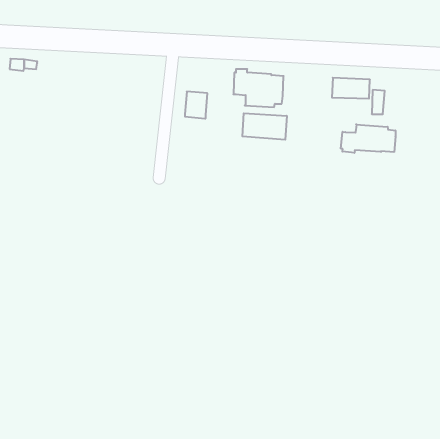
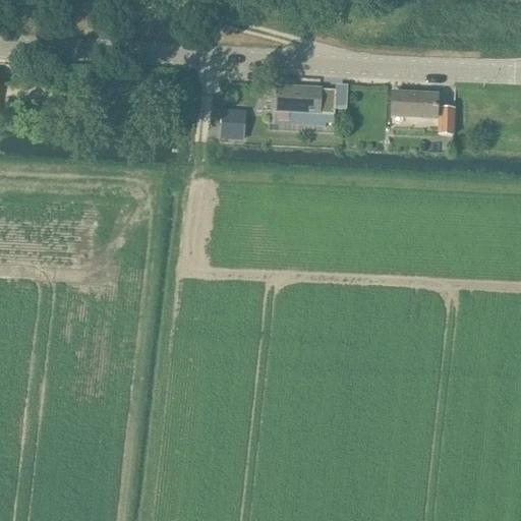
building: [242,113,287,140] -> none
building: [341,124,395,153] -> none

